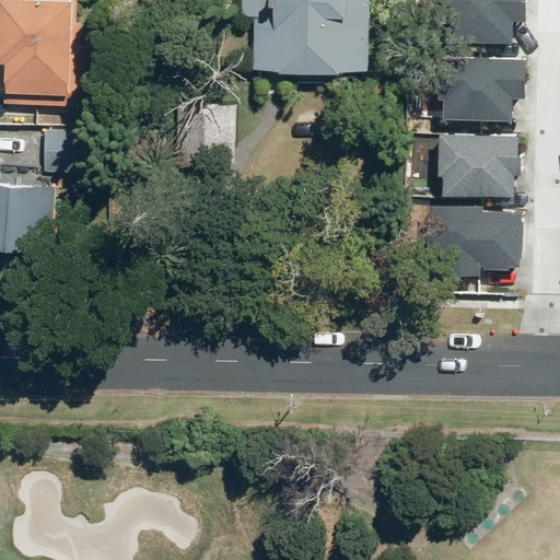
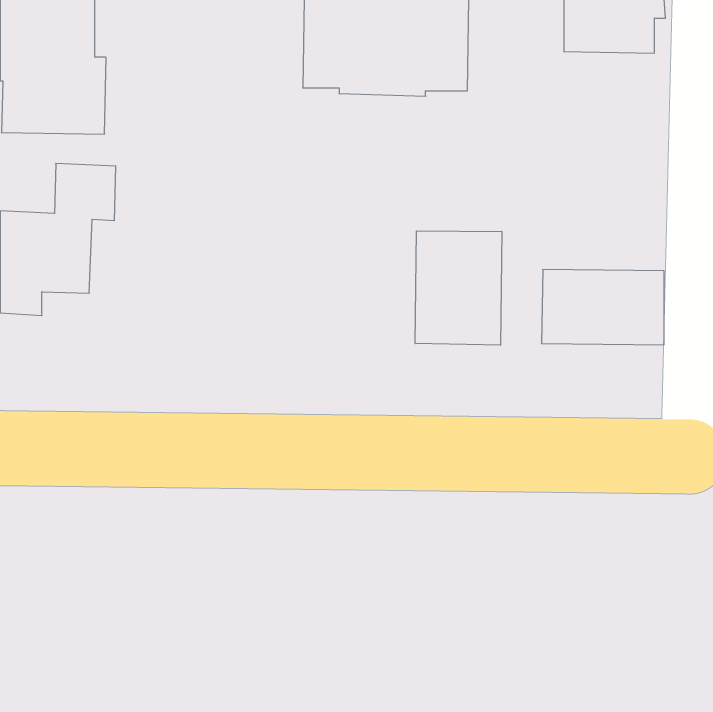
building: [441,60,523,118] -> none
building: [438,133,520,197] -> none
building: none -> [415,231,502,345]

